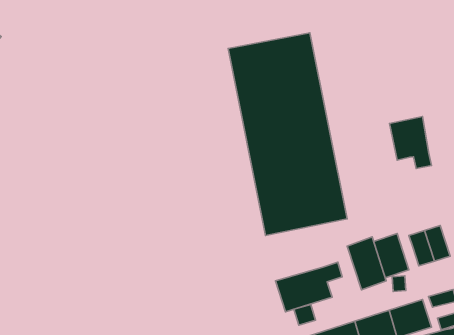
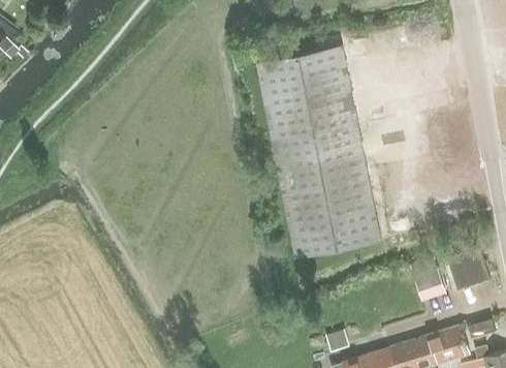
building: [390,117,432,168] -> none
building: [347,237,386,290] -> none
building: [275,262,342,312] -> none

